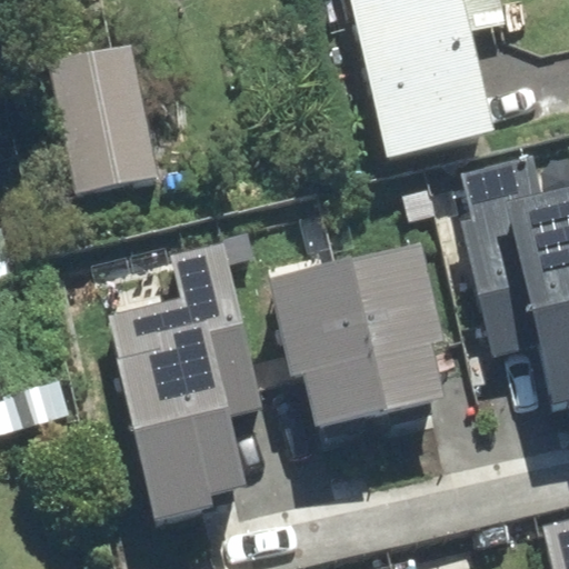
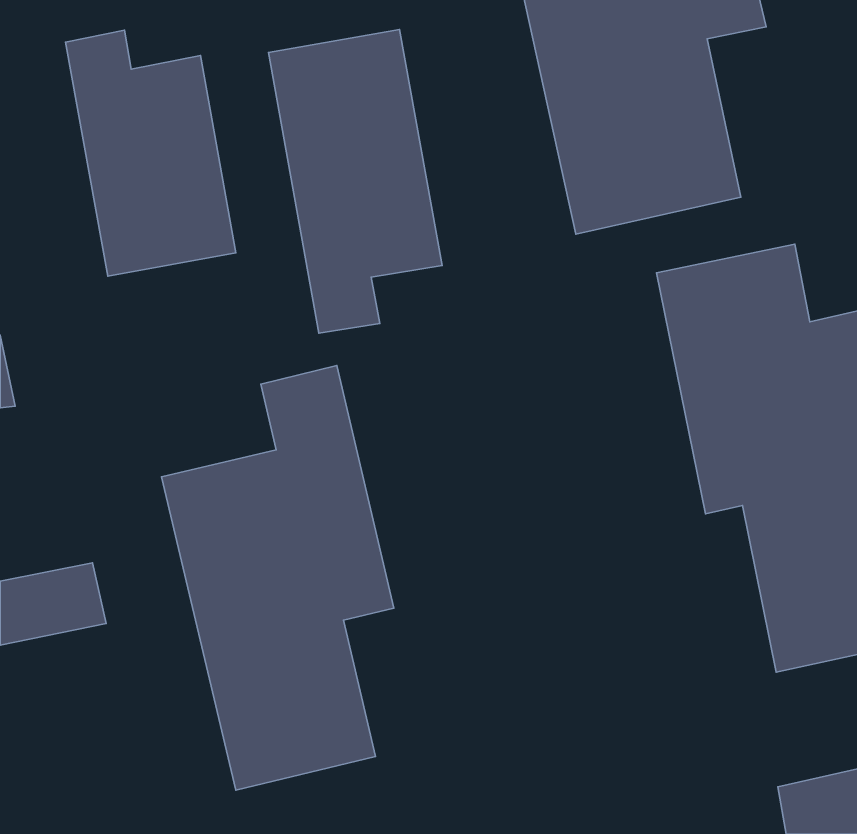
building: none -> [268,29,442,333]
building: [272,250,457,442] -> none

